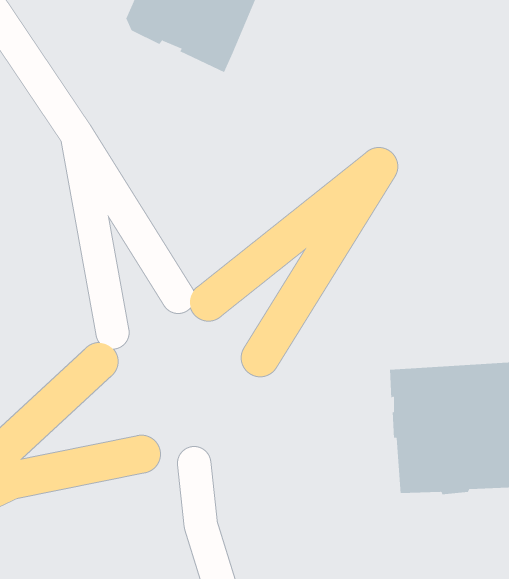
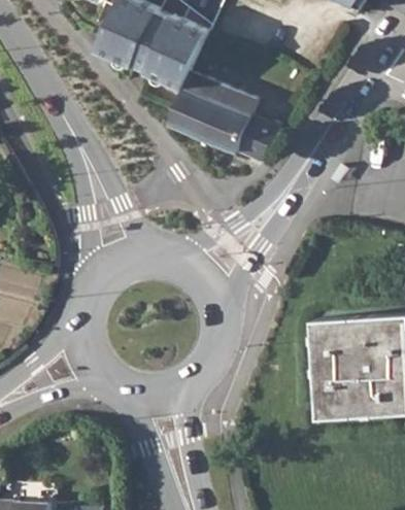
building: none -> [166,72,277,162]

